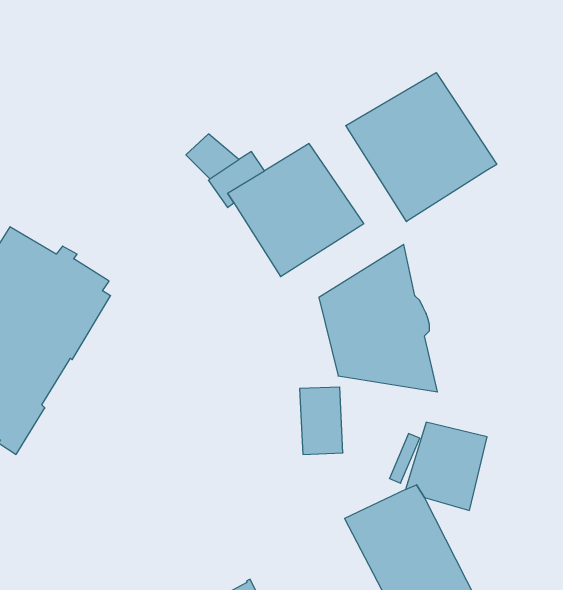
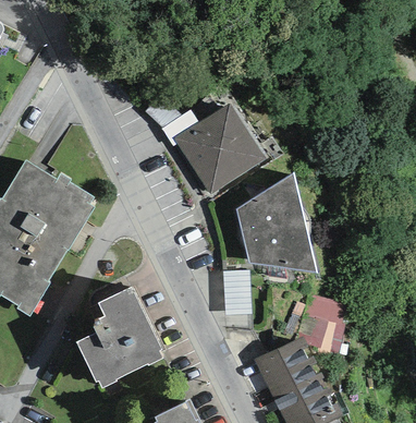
building: [346,73,497,222] -> none
building: none -> [75,286,163,388]

